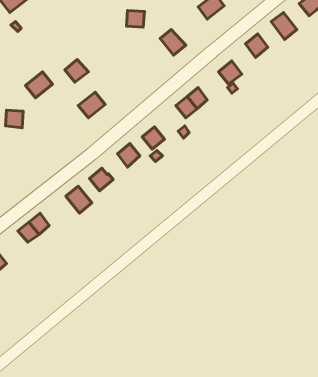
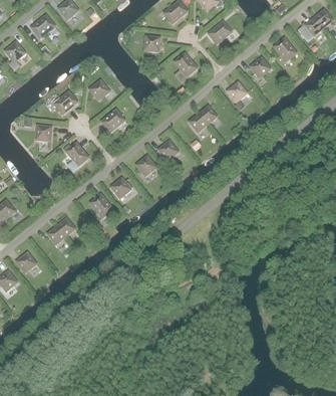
building: none -> [63,142,89,171]

